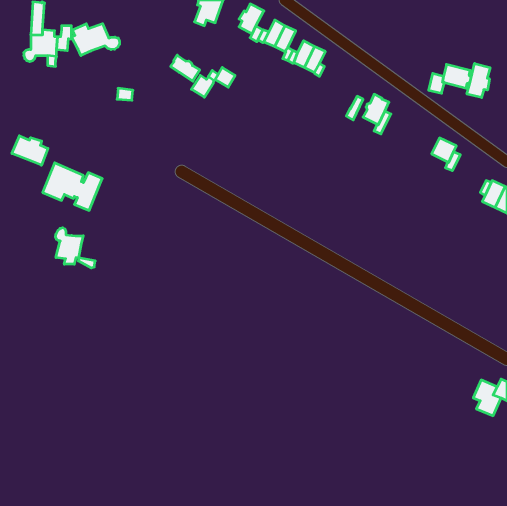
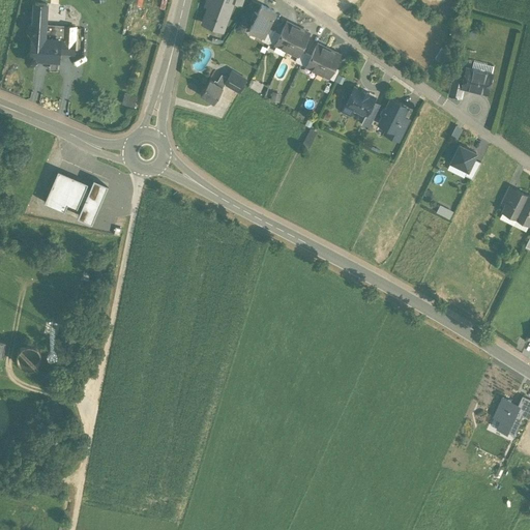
building: [71,24,120,56] -> none
building: [171,55,200,81] -> none
building: [467,63,490,98] -> none
building: none -> [346,88,374,115]
building: [12,136,48,165] -> none
building: [55,228,83,264] -> none

